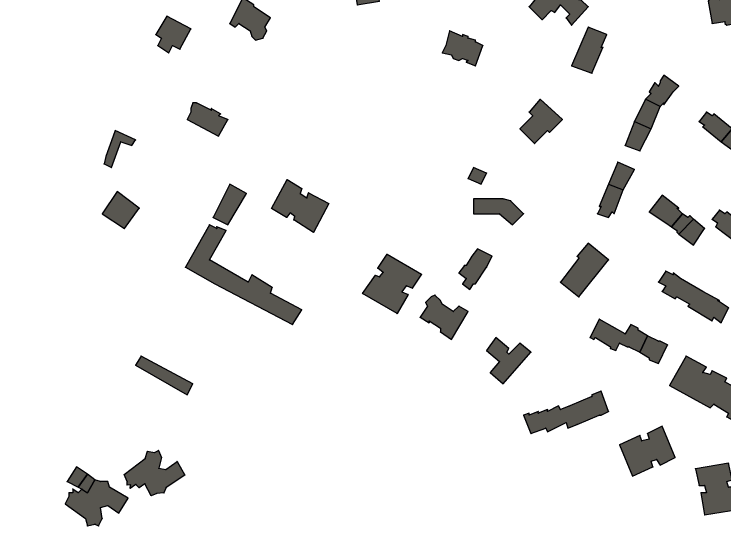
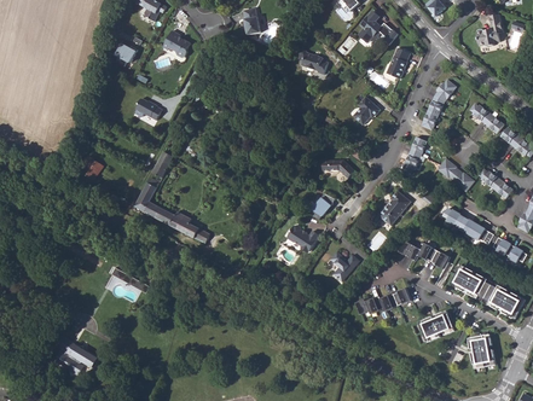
building: [272,180,329,232] -> none
building: [363,254,422,314] -> none
building: [124,450,185,496] -> none

